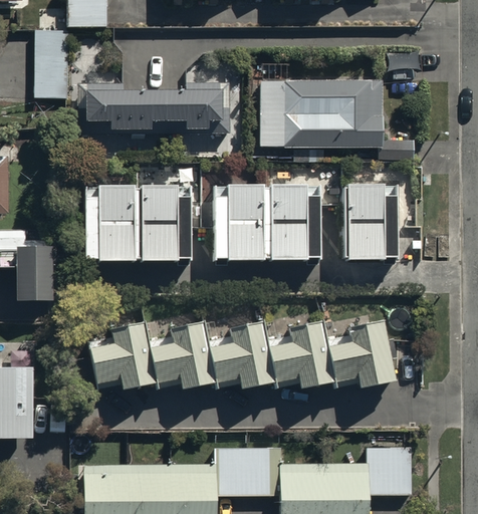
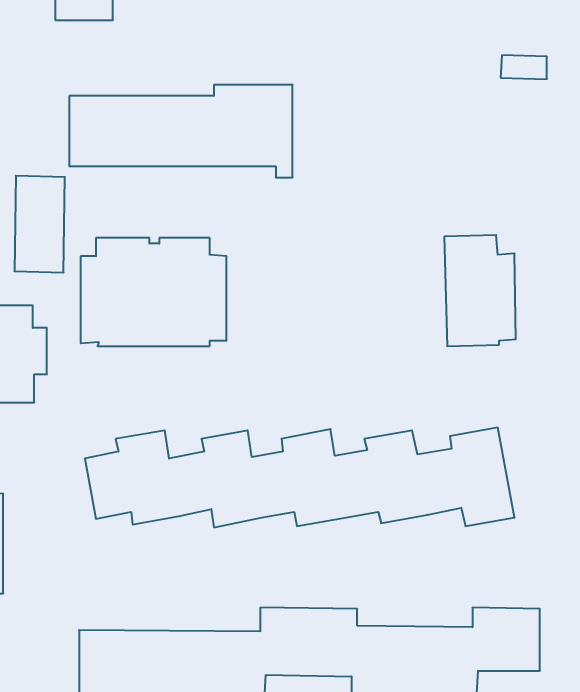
building: [34,31,70,100] -> [14,176,65,273]
building: [259,78,412,162] -> none
building: [213,184,320,260] -> none

